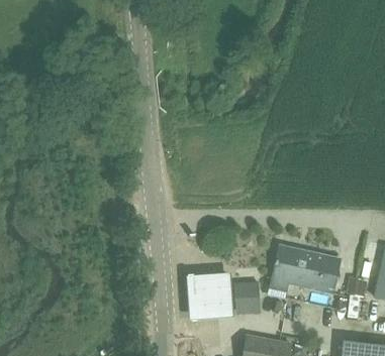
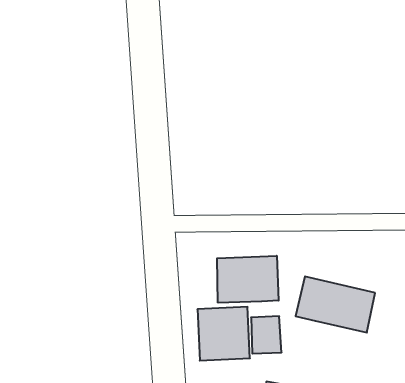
building: none -> [217,256,279,303]

